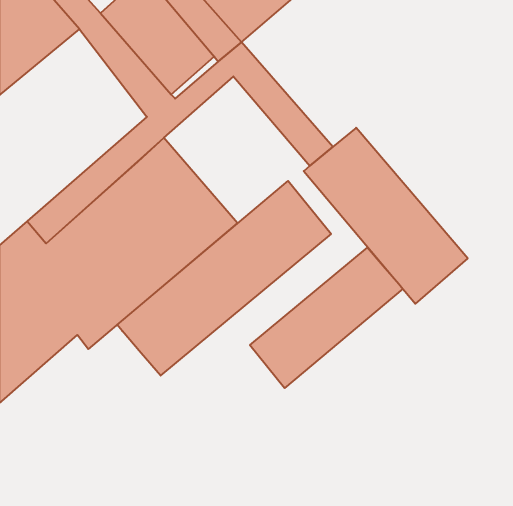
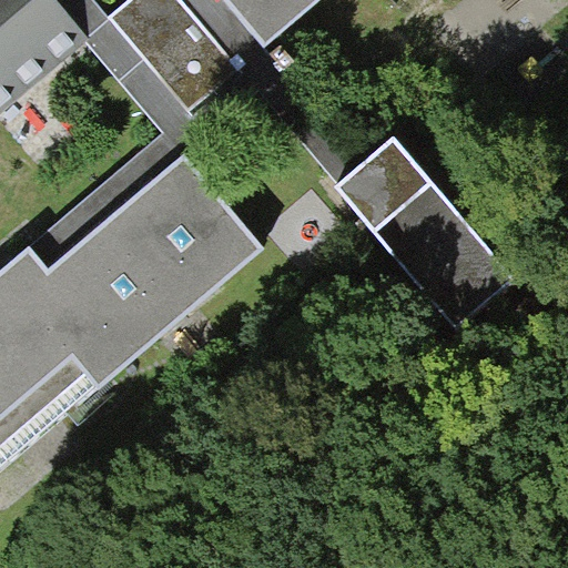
building: [117,181,331,376] -> none
building: [250,248,403,388] -> none

